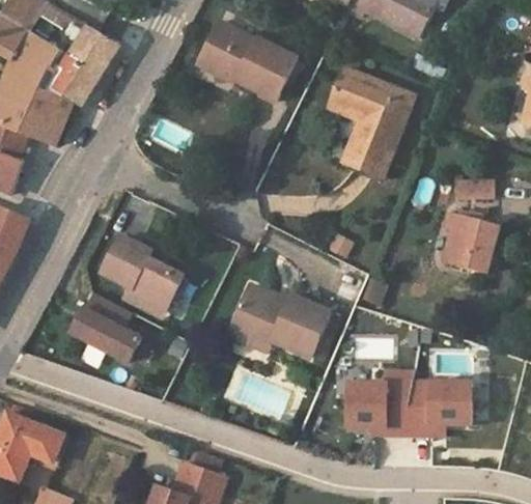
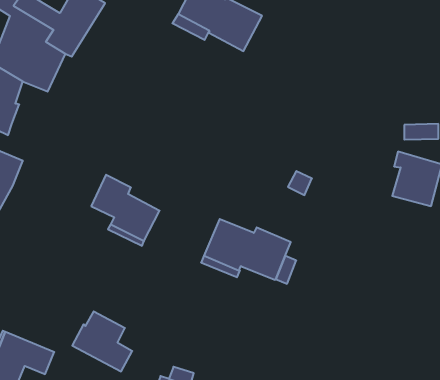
building: [334,71,412,173] -> none
building: [71,293,138,361] -> [72,311,132,371]
building: [343,380,476,433] -> none

